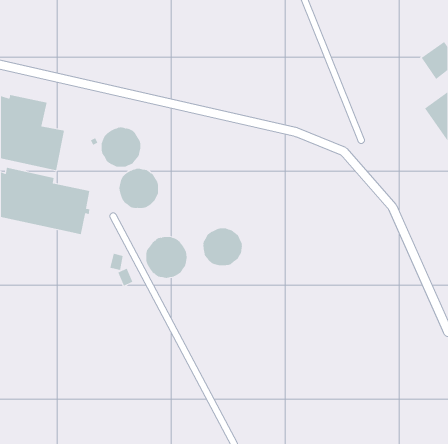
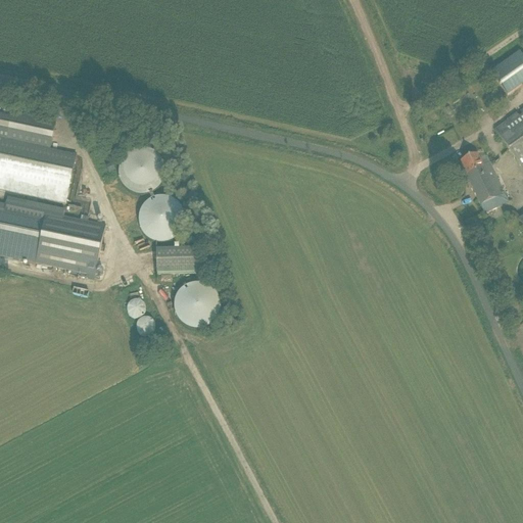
building: none -> [460,151,507,211]
building: none -> [156,246,199,273]
building: [203,227,242,266] -> none

